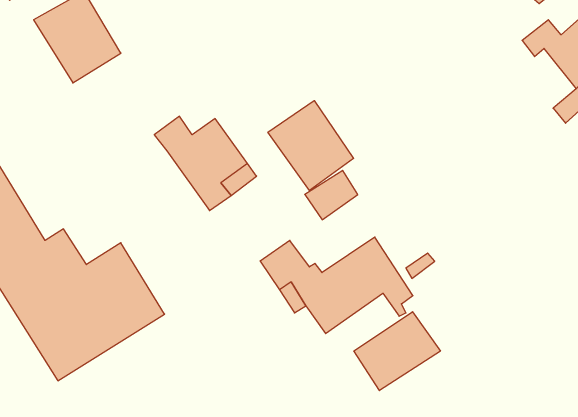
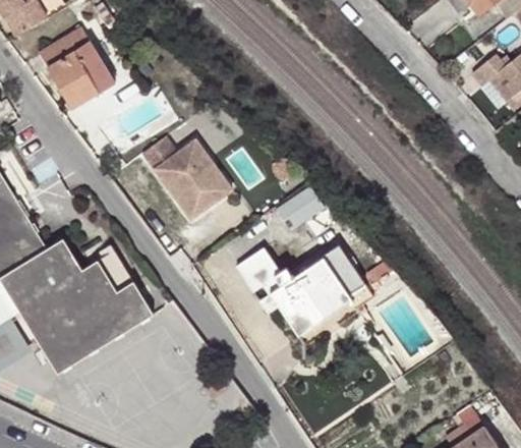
building: [268,101,354,190] -> none
building: [354,312,440,391] -> none

